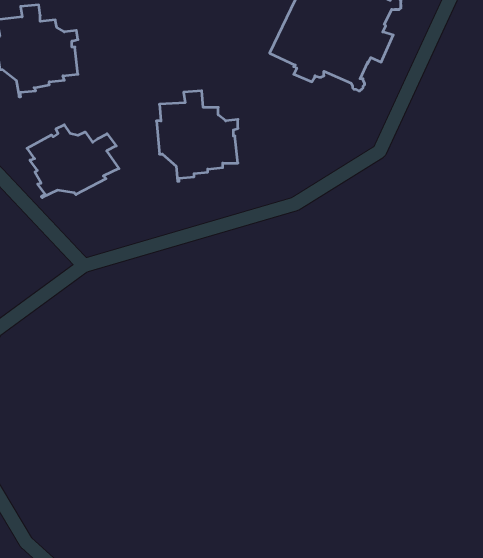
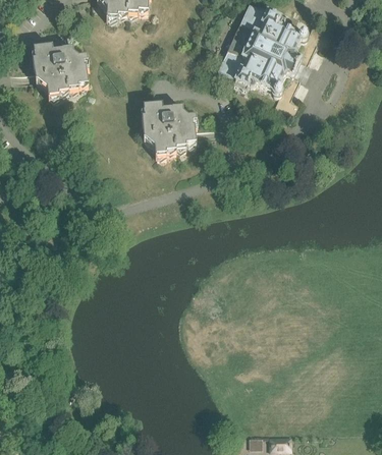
building: [27,125,119,198] -> none

